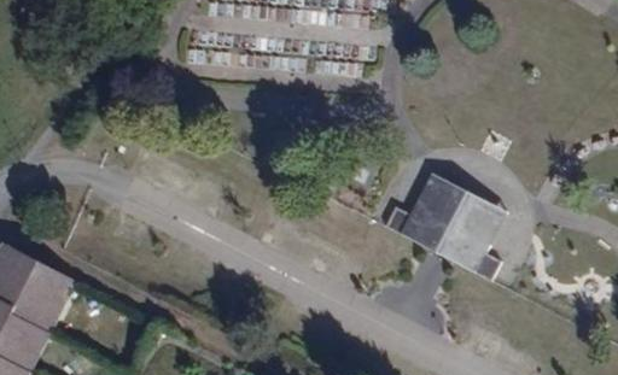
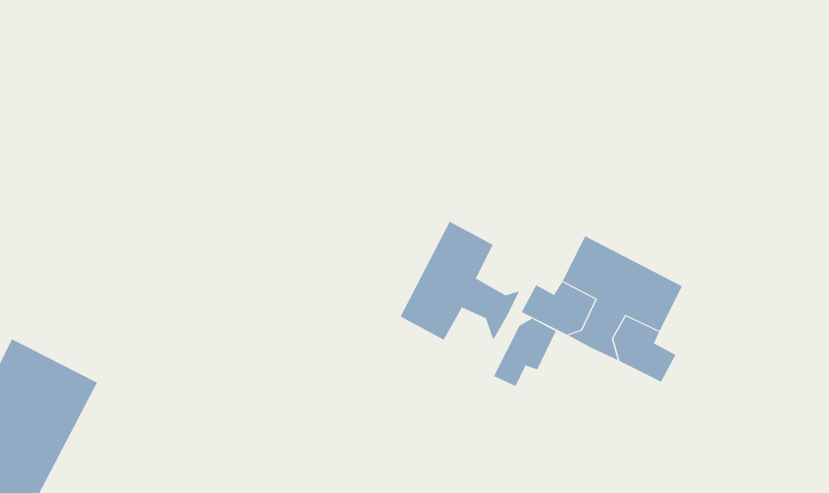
building: none -> [400,221,520,341]
building: none -> [493,318,556,387]

